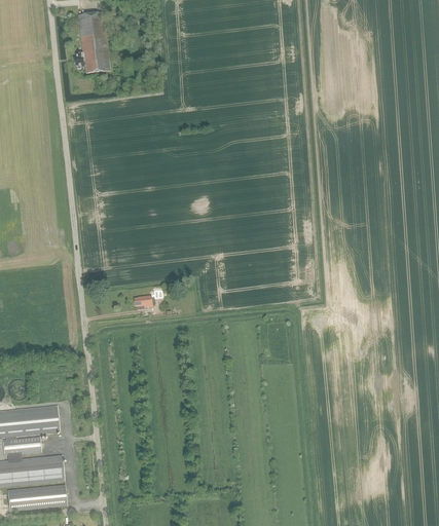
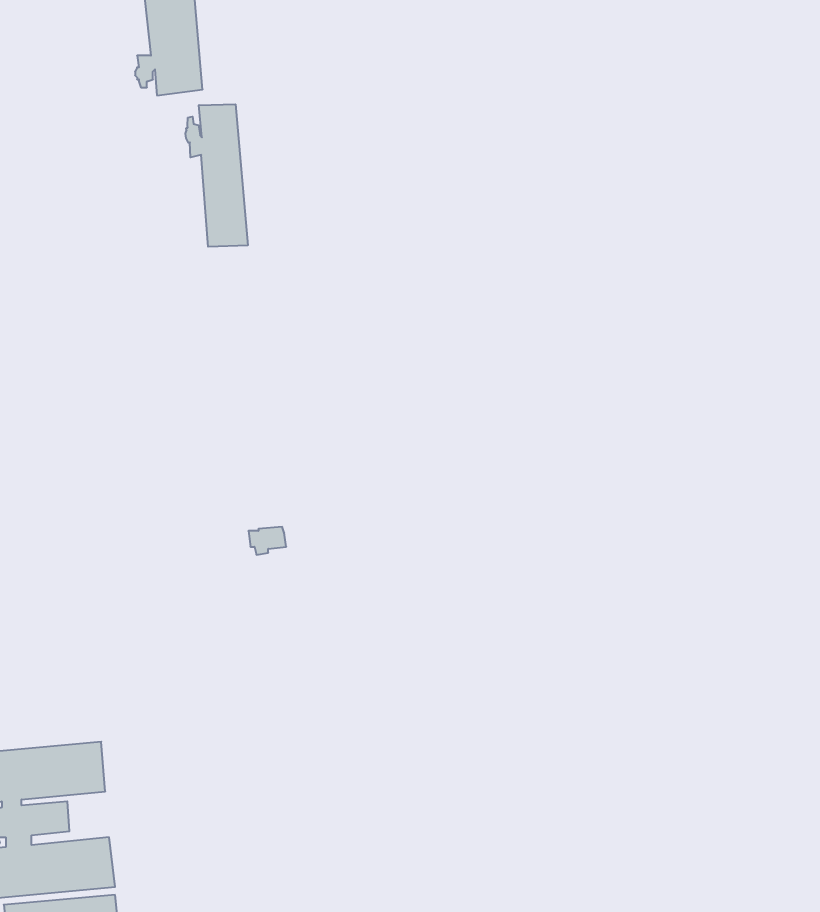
building: none -> [185,104,248,247]

